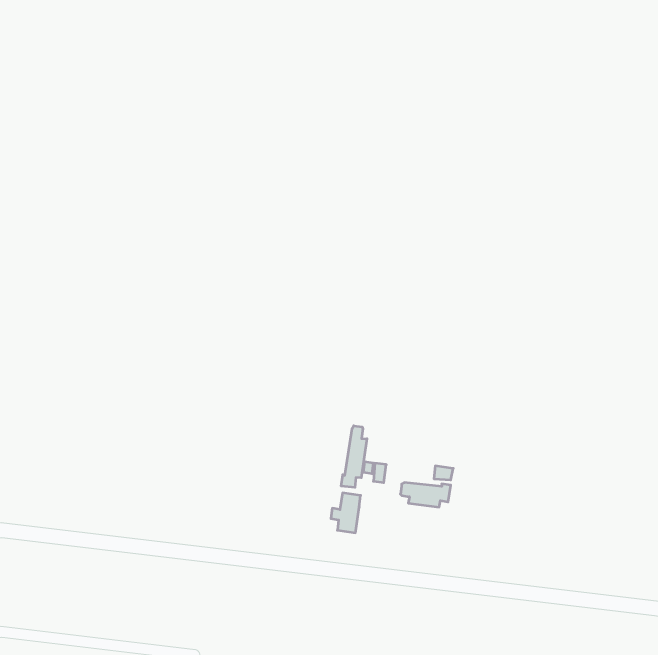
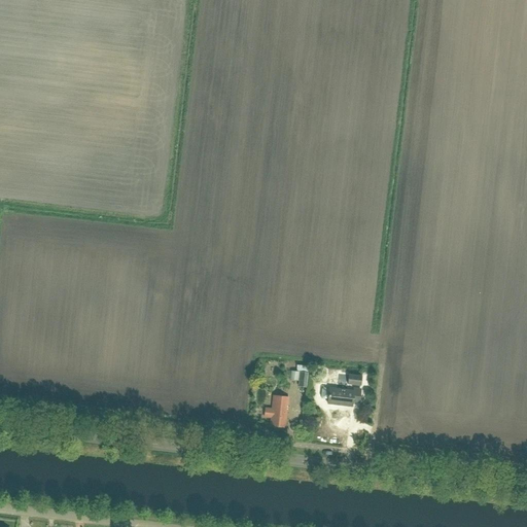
building: [341,426,367,487] -> none

